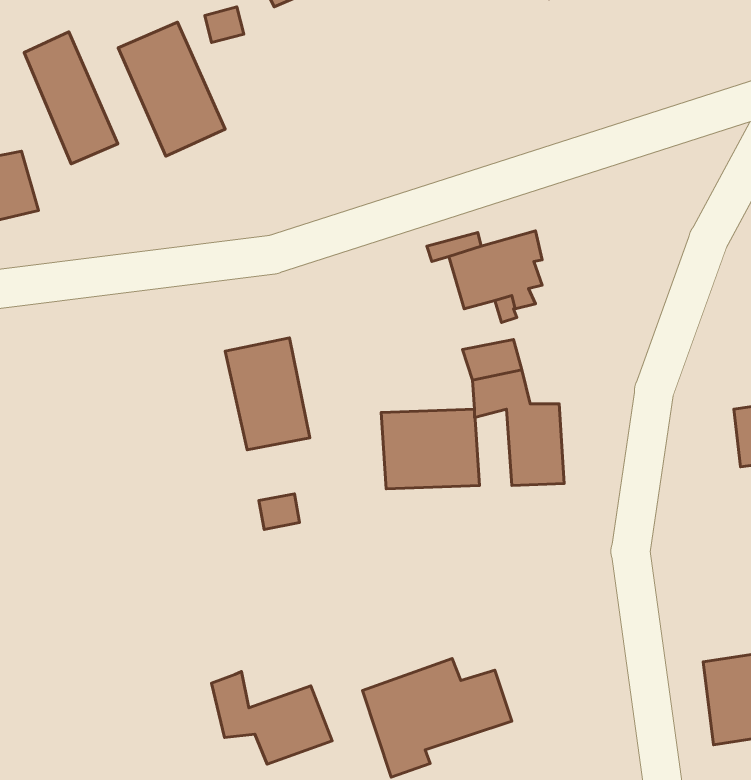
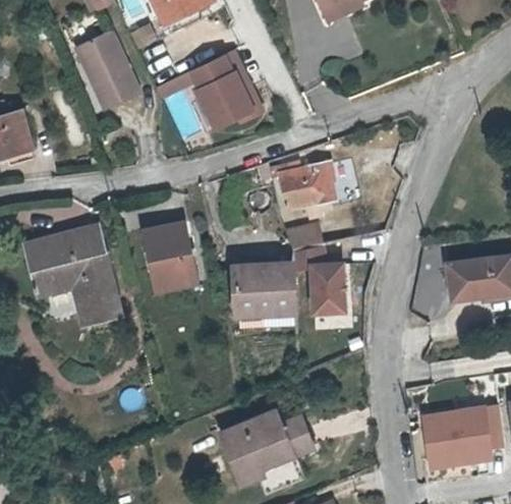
building: [24,32,118,164] -> none
building: none -> [192,60,264,134]
building: none -> [21,216,121,319]
building: [211,672,332,764] -> none

